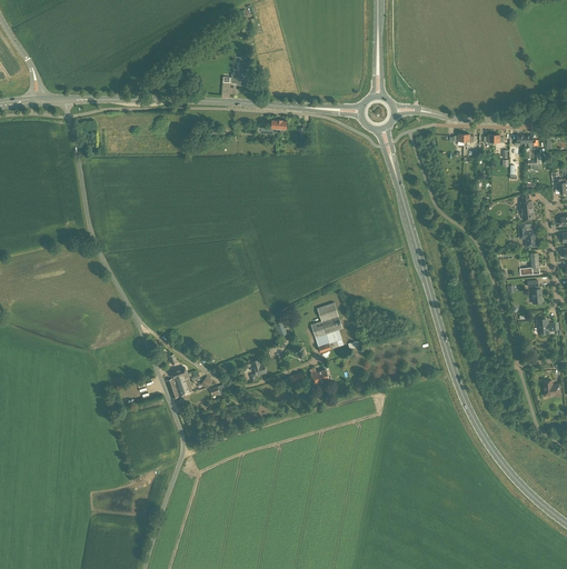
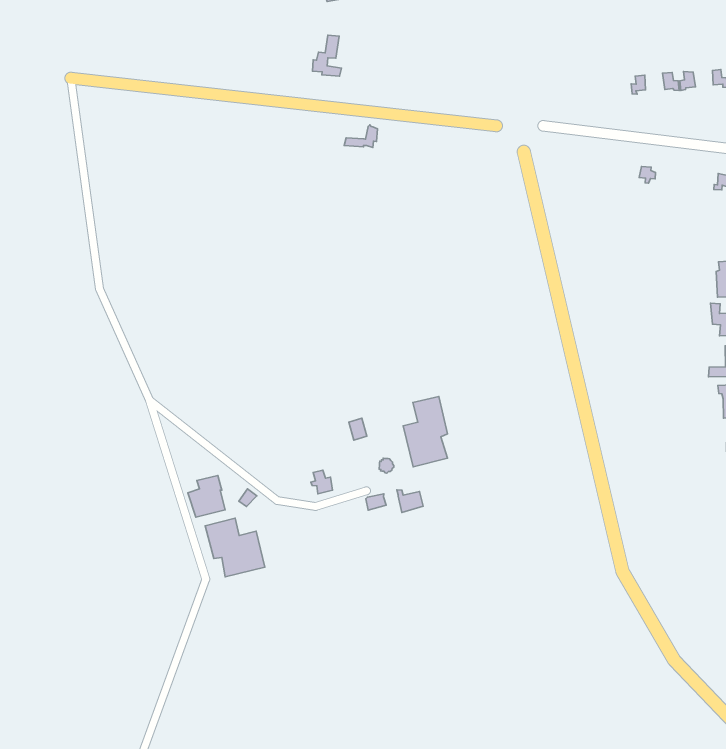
building: none -> [205,518,265,577]

